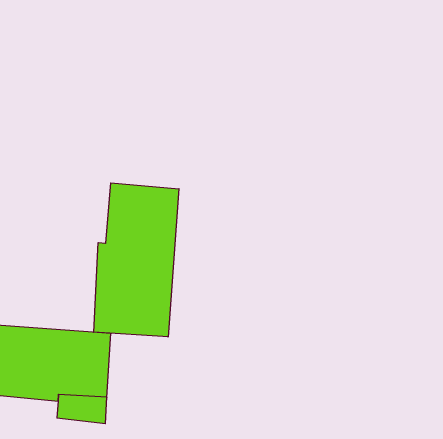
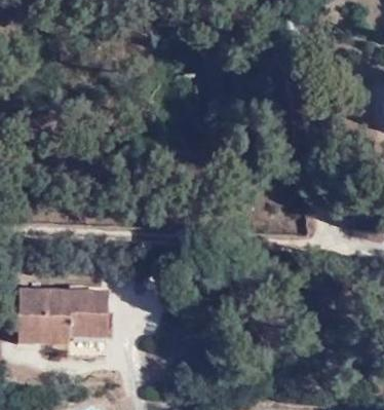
building: [94,183,179,337] -> none

